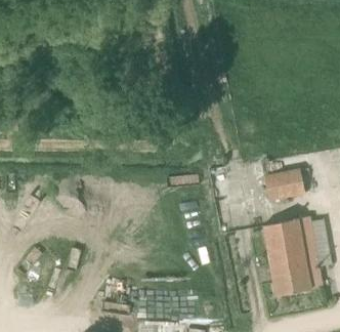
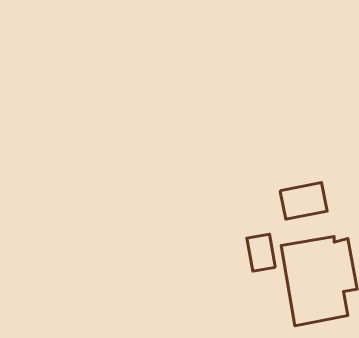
building: none -> [247,234,275,271]

